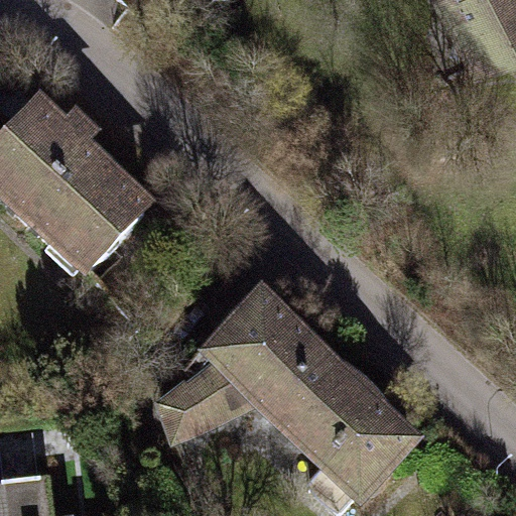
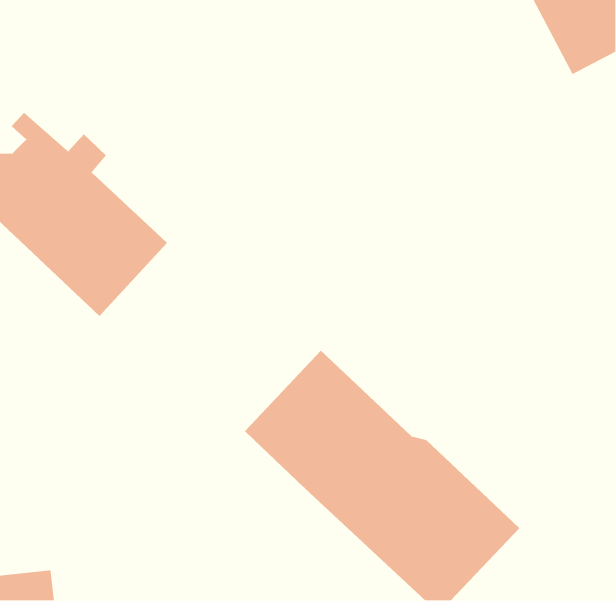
building: [157,365,252,444] -> none

